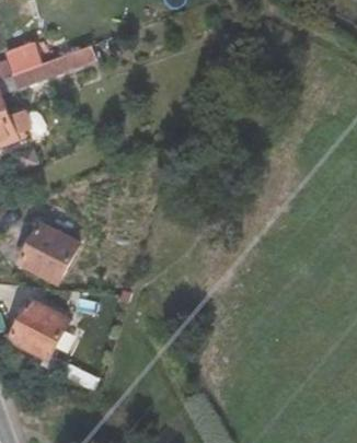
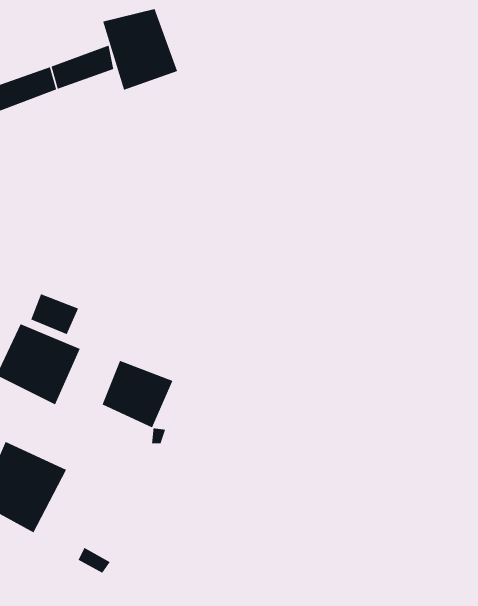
building: none -> [102,8,178,91]
building: none -> [101,360,174,429]

